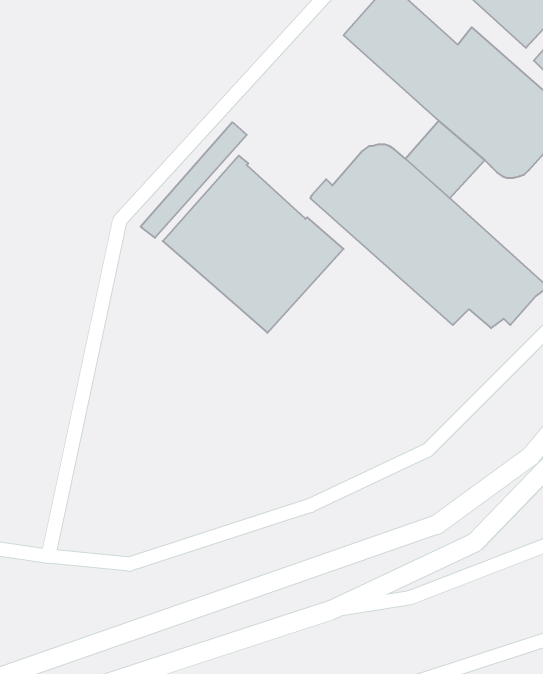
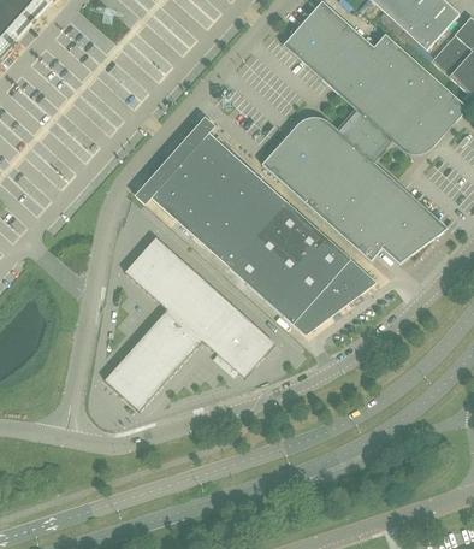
building: none -> [230,202,375,325]
building: none -> [105,237,273,409]

